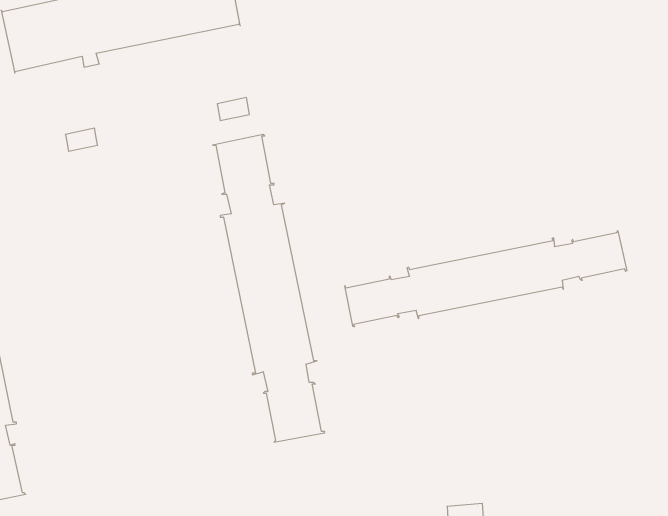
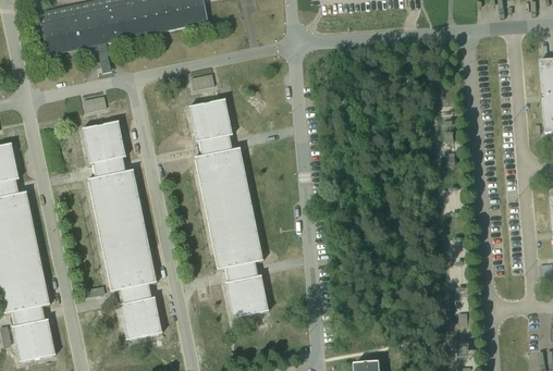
building: none -> [82,121,162,341]
building: [345,231,627,327] -> none

